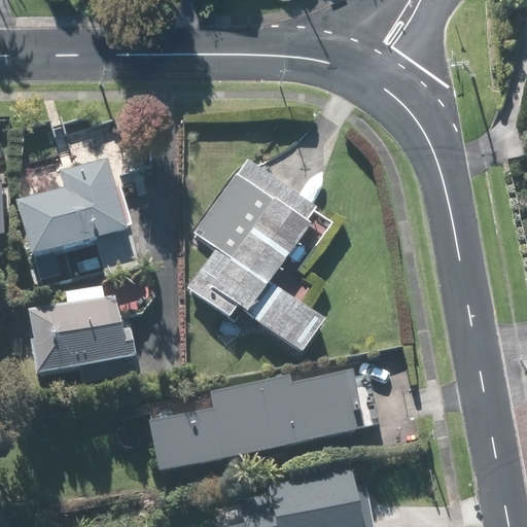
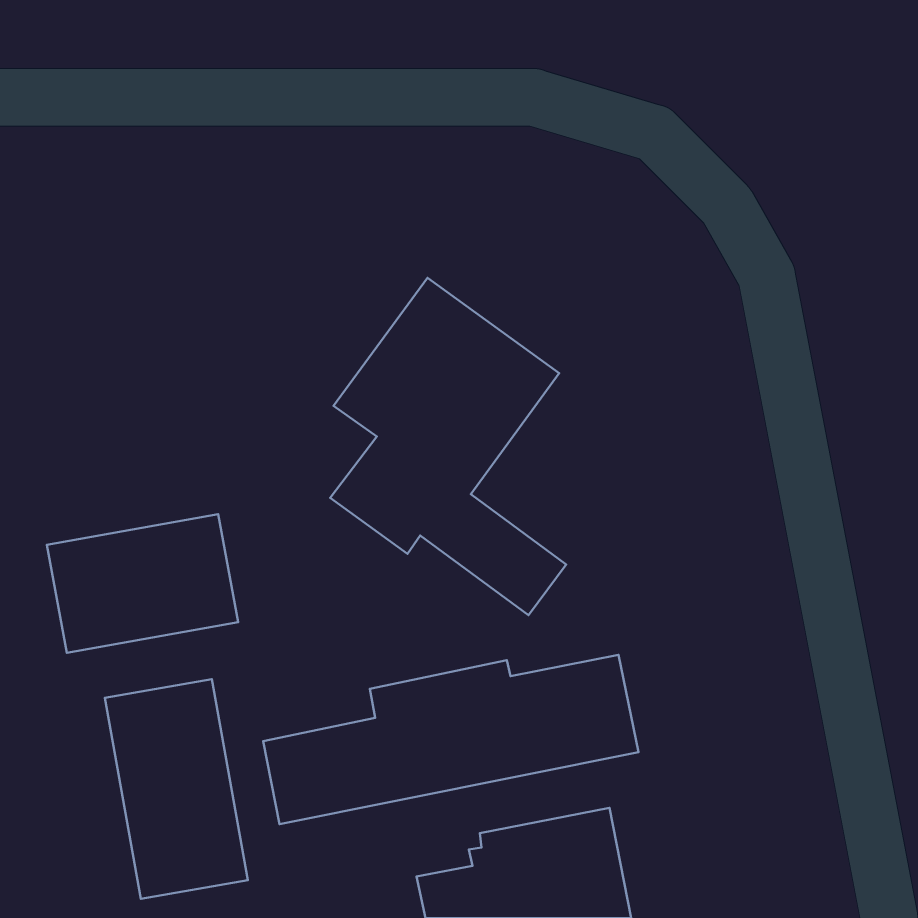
building: [17,159,140,278] -> none
building: none -> [105,679,248,899]

